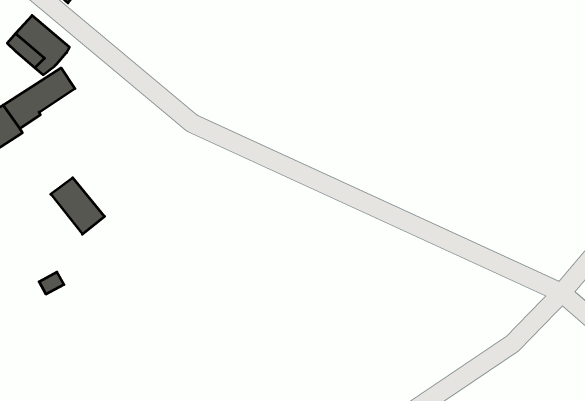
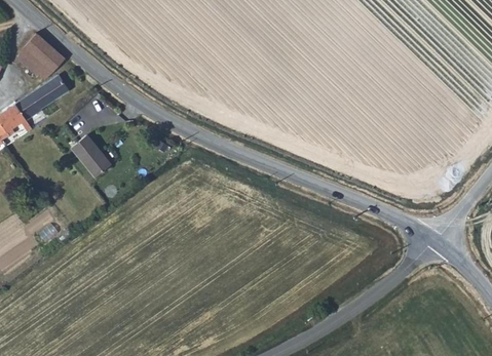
building: [51,178,105,234] -> [72,135,112,177]

